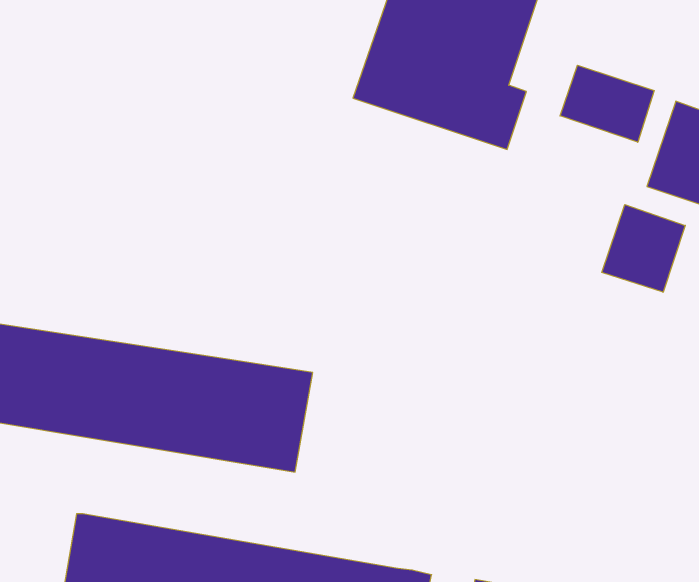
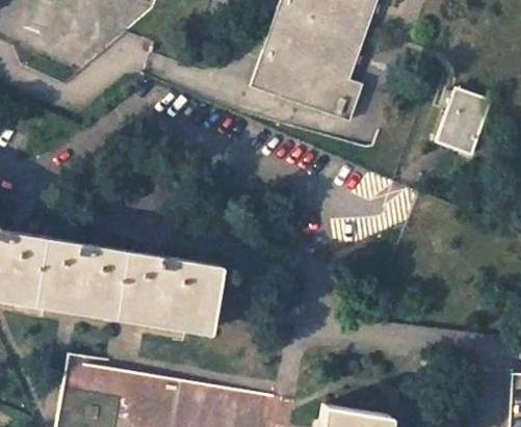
building: [560,65,654,142] -> none
building: [602,205,685,292] -> none

